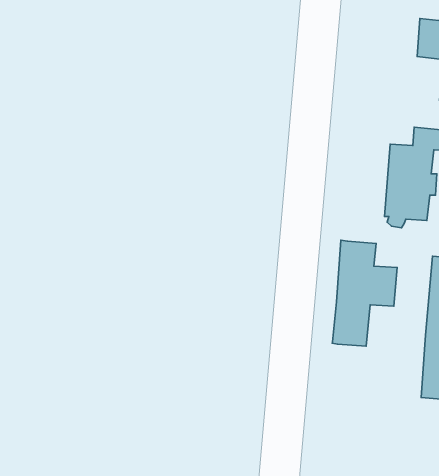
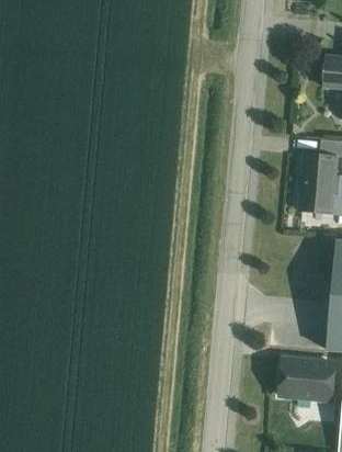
building: [332,240,397,346] -> none
building: none -> [278,355,333,397]

